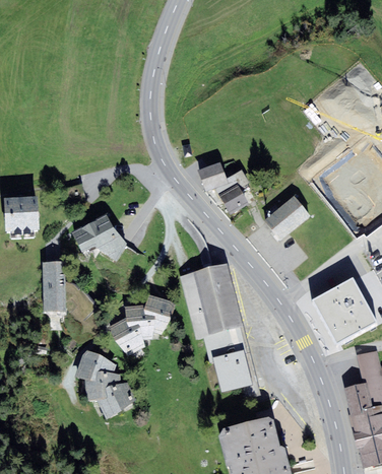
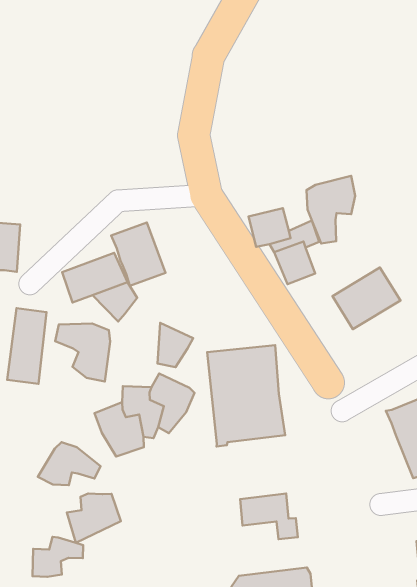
building: none -> [307,176,355,243]
building: none -> [111,222,166,286]
building: none -> [158,323,193,367]
building: none -> [55,324,110,381]
building: [202,324,248,373] -> none
building: [84,369,120,399] -> [33,537,83,577]

